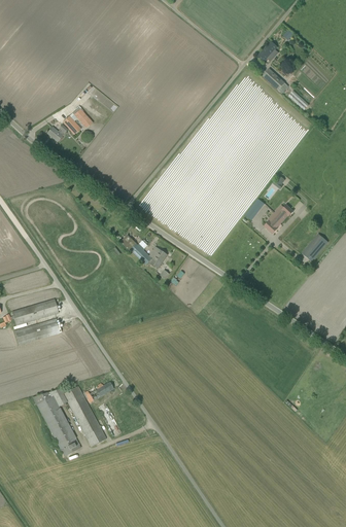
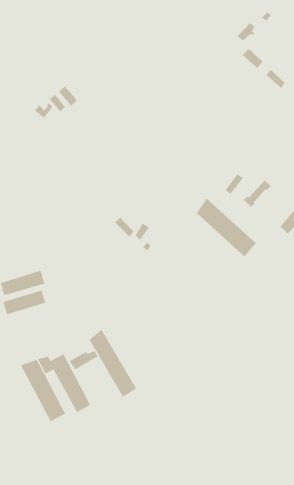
building: none -> [196,198,257,257]
building: none -> [89,329,137,398]

